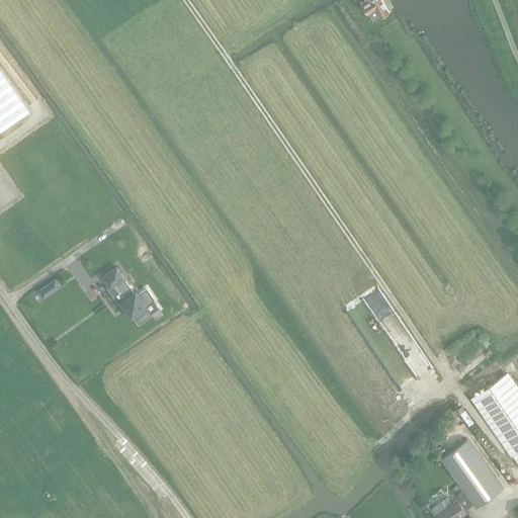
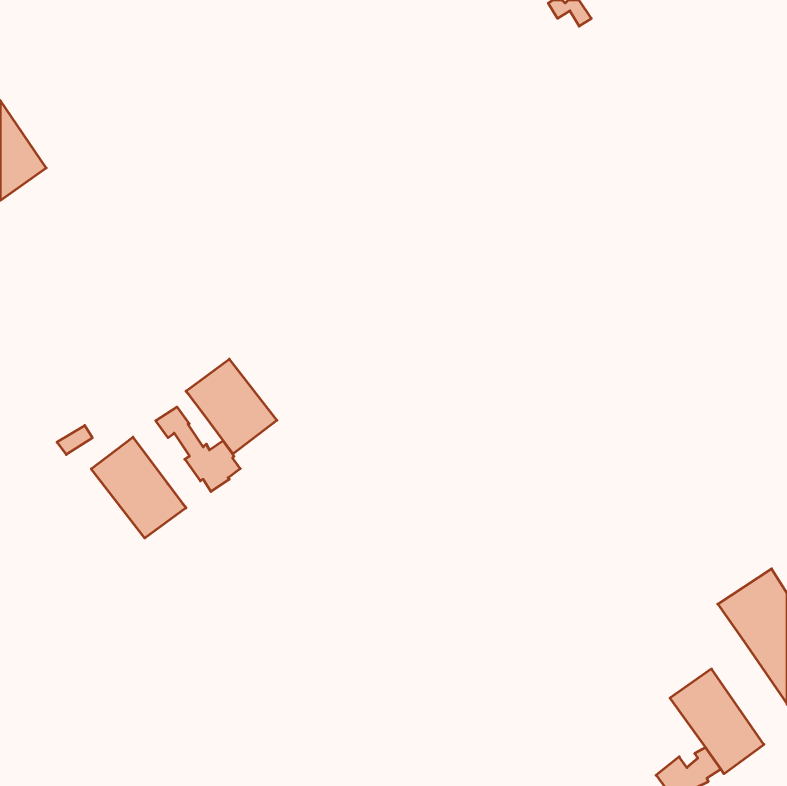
building: none -> [186,359,277,454]
building: none -> [91,437,186,538]

